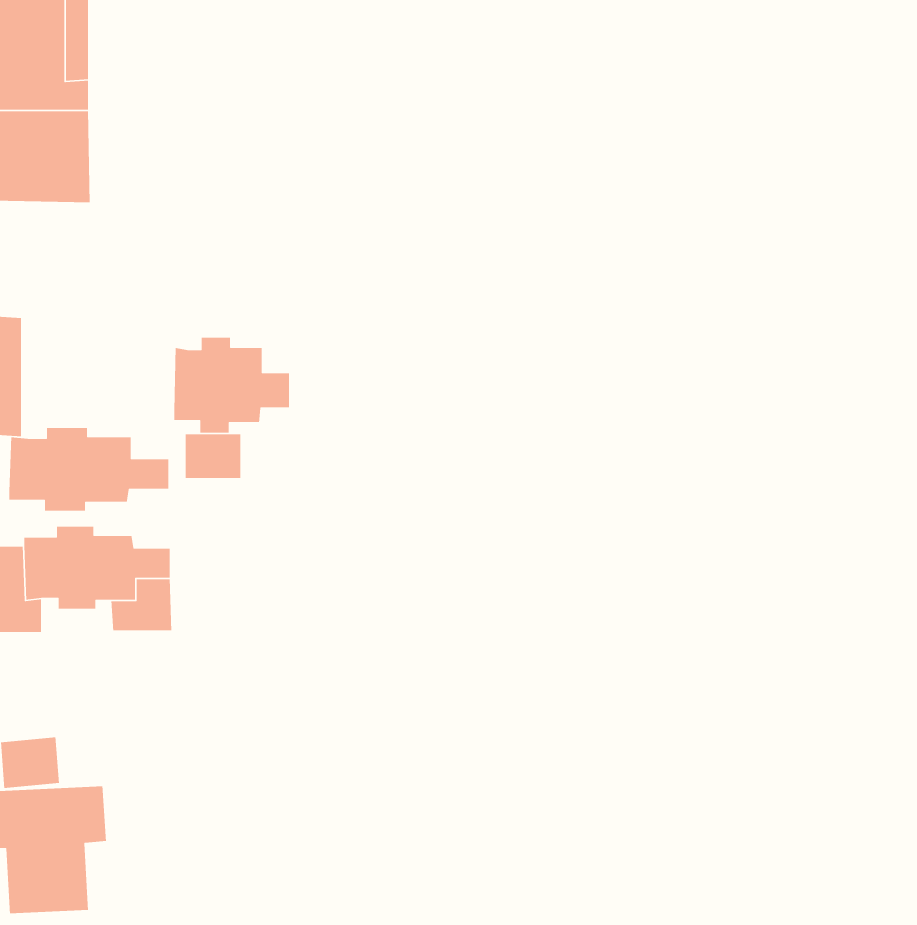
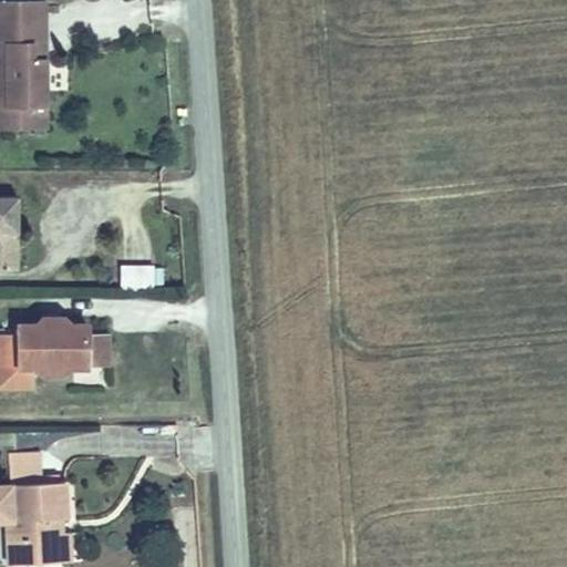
building: [173,337,290,433] -> none
building: [8,427,169,512] -> none

